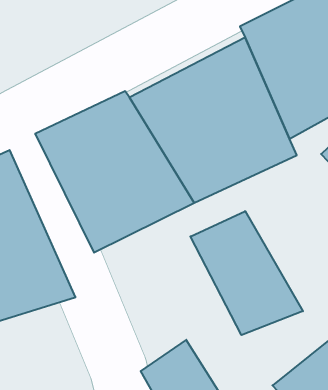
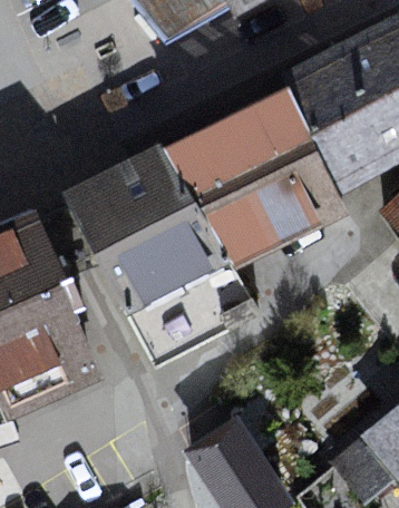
building: [190,211,303,335] -> none

